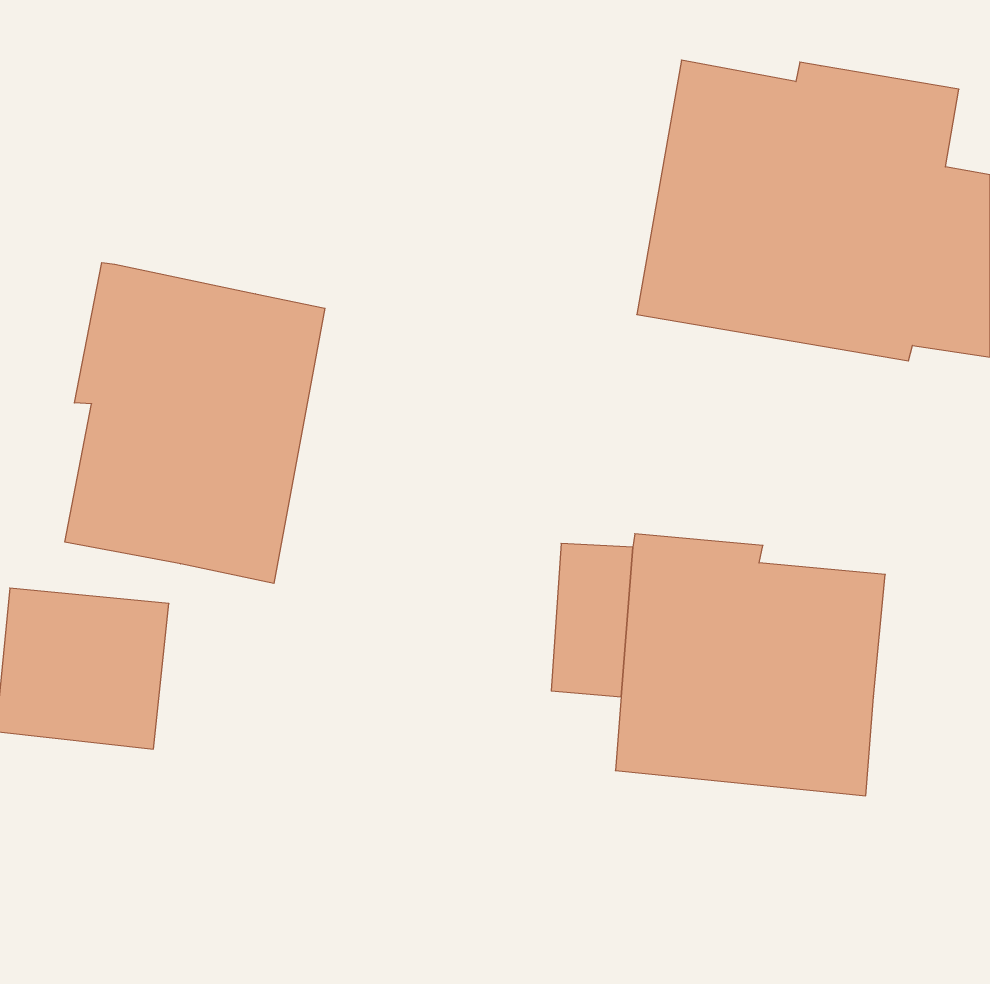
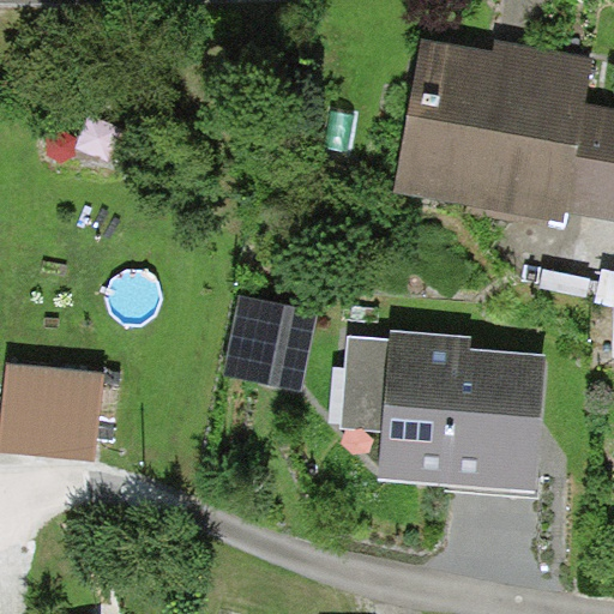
building: [65,263,325,583] -> none
building: none -> [223,296,317,391]

